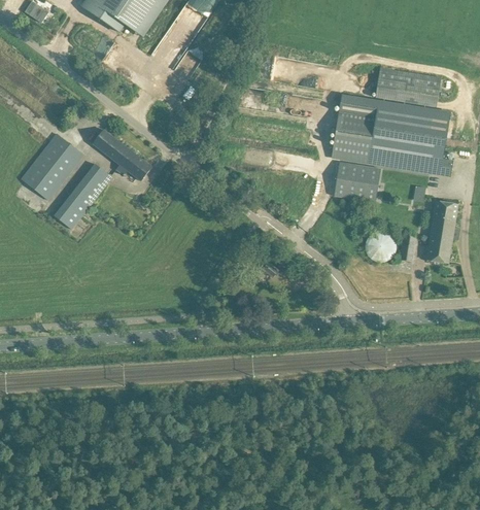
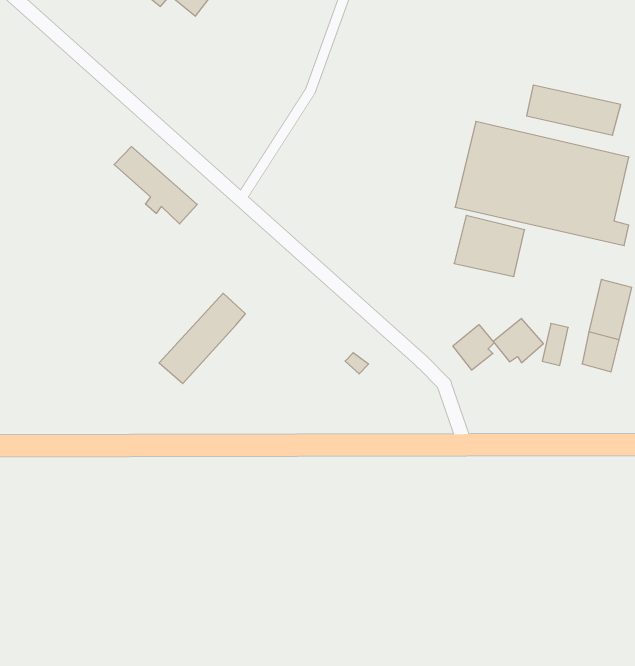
building: [20,133,83,200] -> none
building: [54,163,111,228] -> [159,293,245,384]
building: none -> [453,325,494,370]

